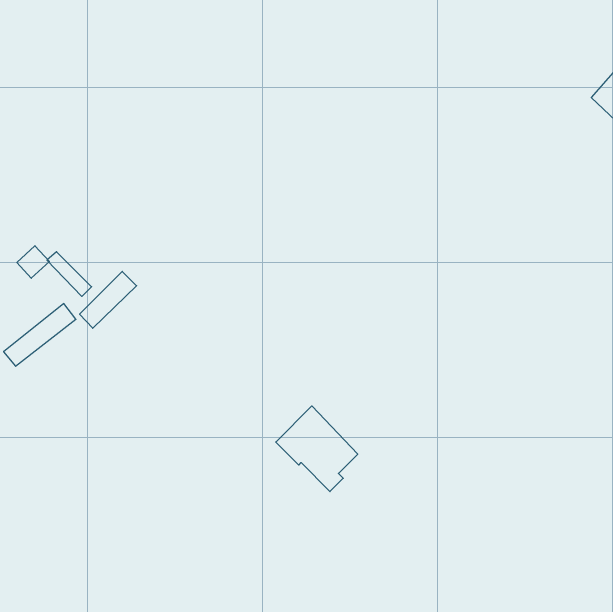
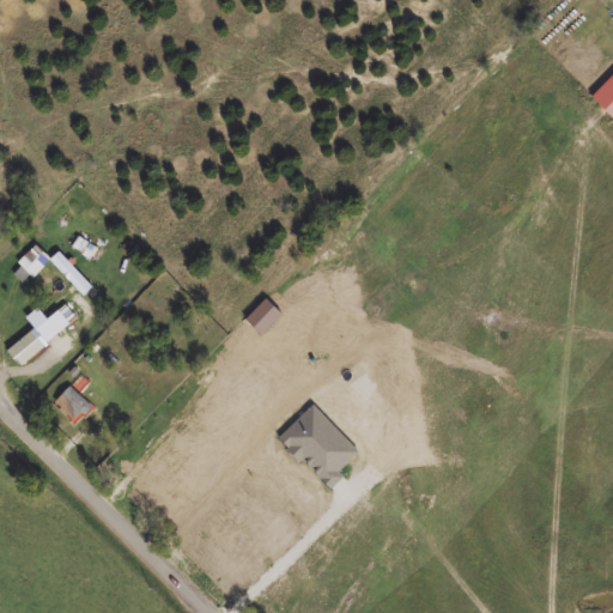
building: [80,271,137,328] -> none
building: none -> [244,298,281,335]
building: none -> [55,383,91,420]

